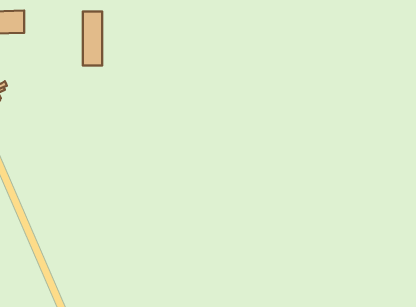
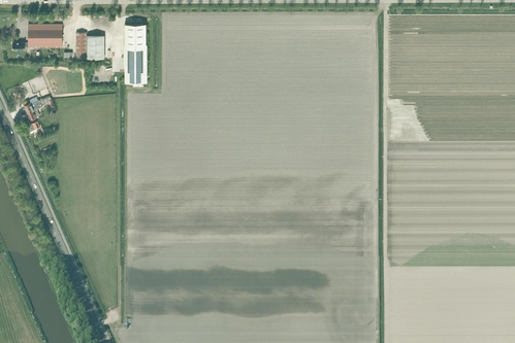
building: none -> [76,32,105,59]

